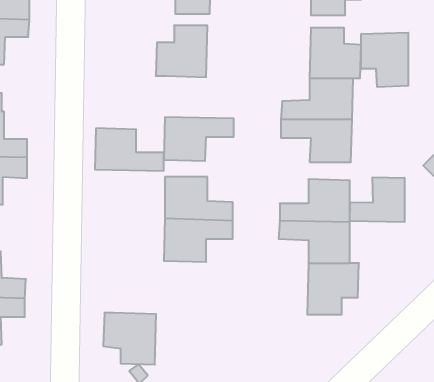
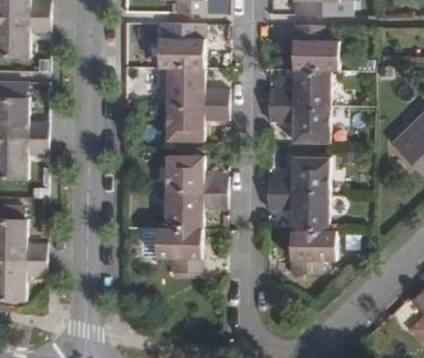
building: [361,33,408,87] -> none
building: [95,128,164,171] -> [167,67,227,104]
building: [350,177,405,222] -> none
building: [103,313,156,365] -> [157,228,203,273]

